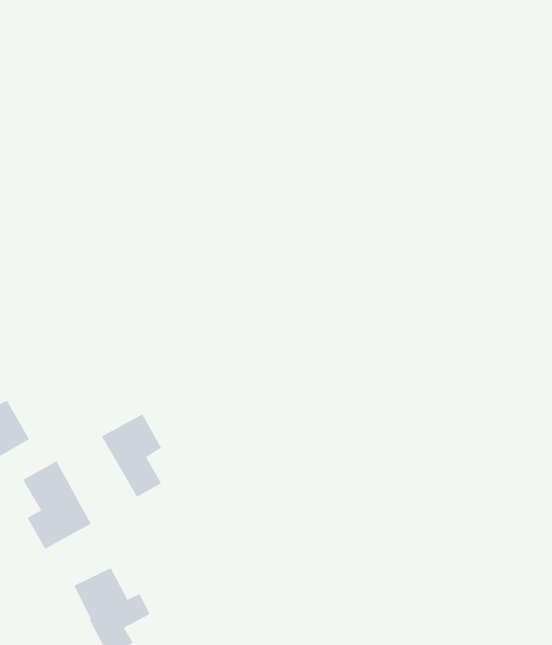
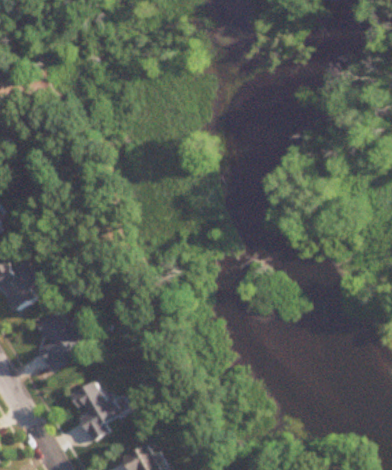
building: [101,413,162,498] -> none

